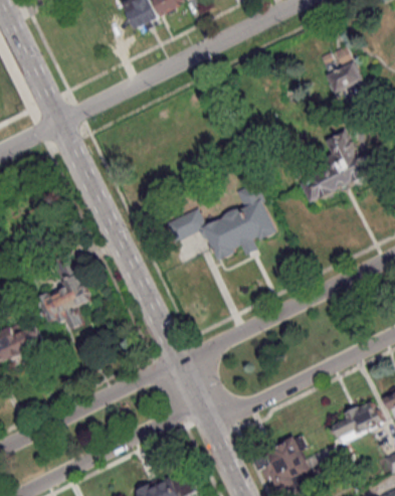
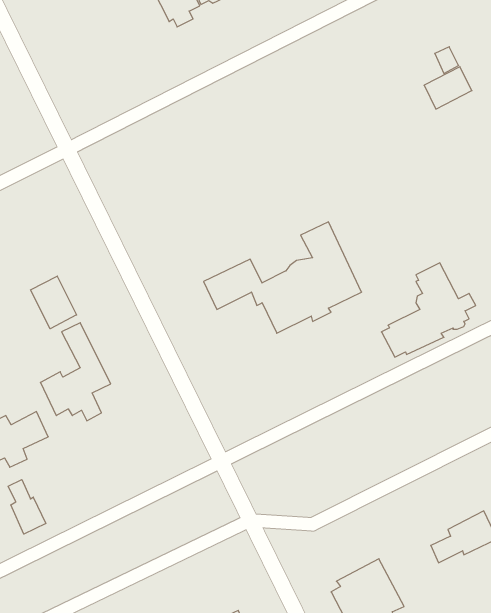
building: [301,132,372,203] -> [381,263,476,357]
building: none -> [31,276,77,329]
building: none -> [8,480,46,534]

